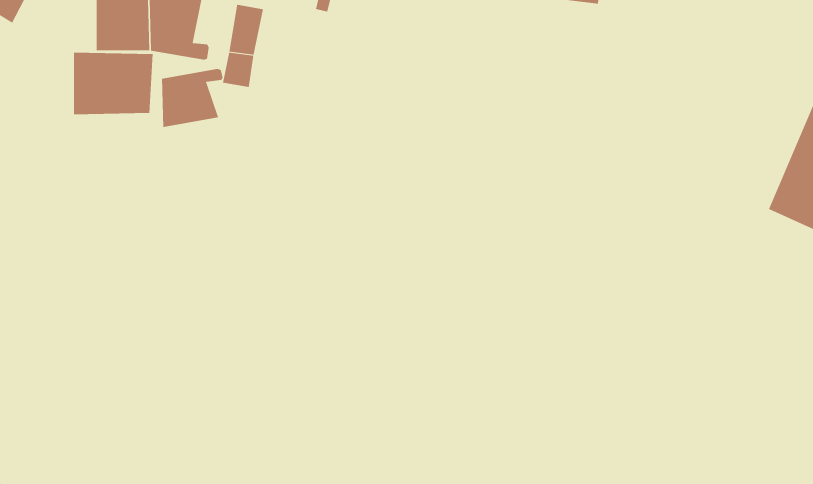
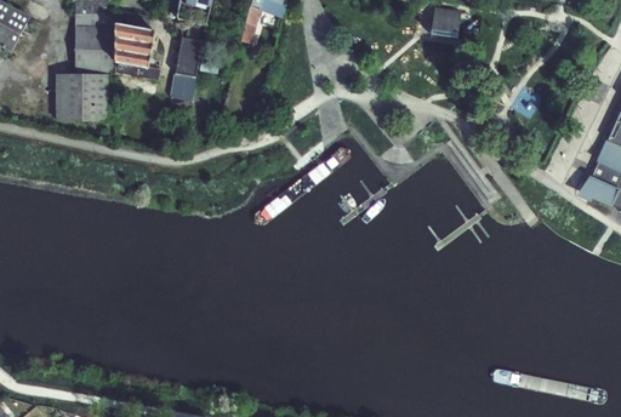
building: [161,68,223,128] -> none

